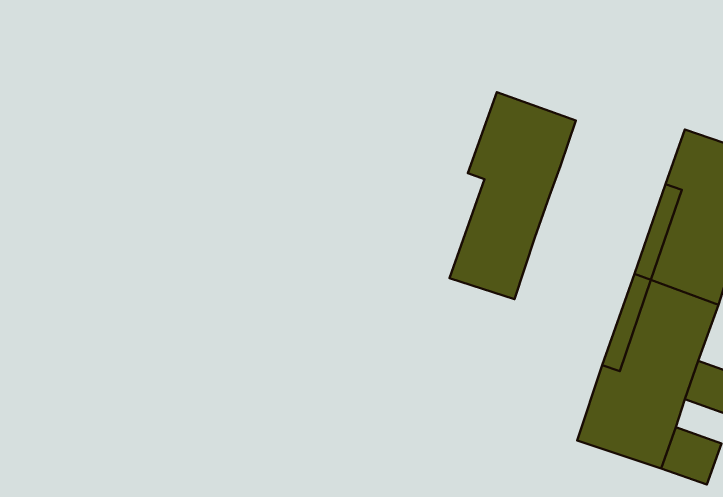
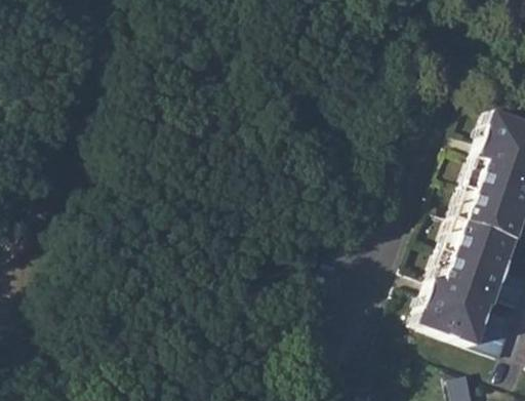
building: [449,92,576,299] -> none

